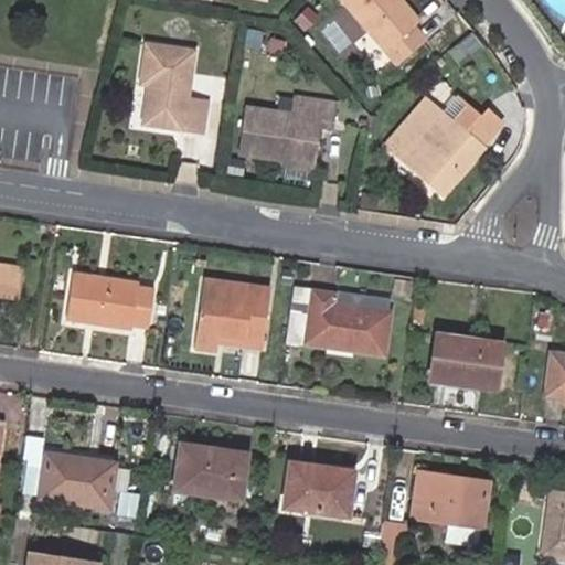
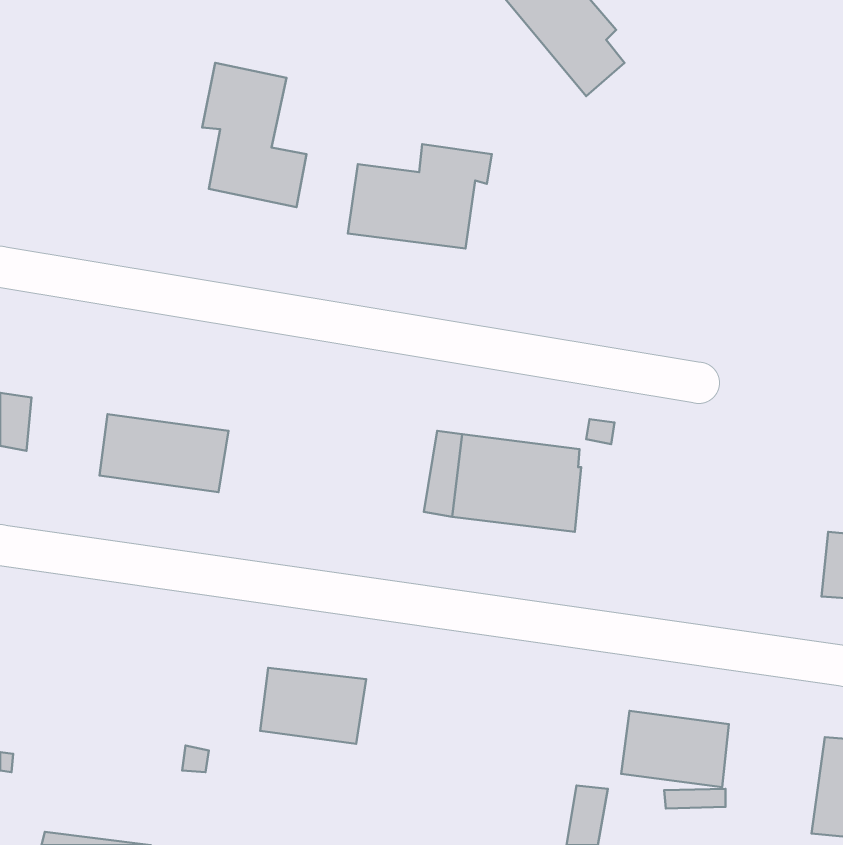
building: [390,100,502,193] -> none
building: [196,278,269,350] -> none
building: [431,335,501,388] -> none
building: [40,452,115,505] -> none
building: [284,461,354,515] -> none

